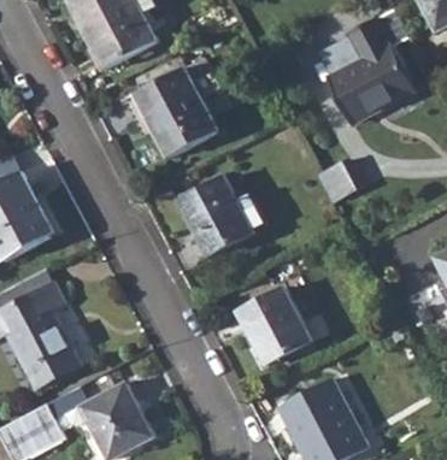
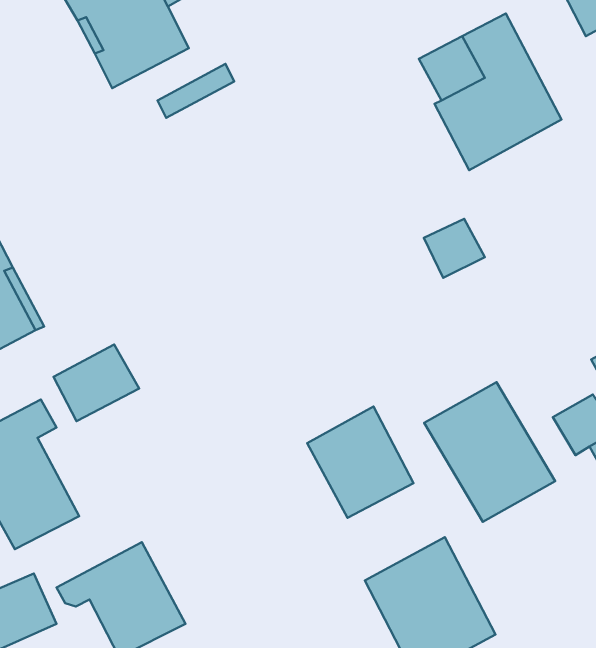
building: [128,55,231,157] -> none
building: [177,176,253,256] -> none
building: none -> [54,344,139,421]
building: none -> [424,382,555,522]

